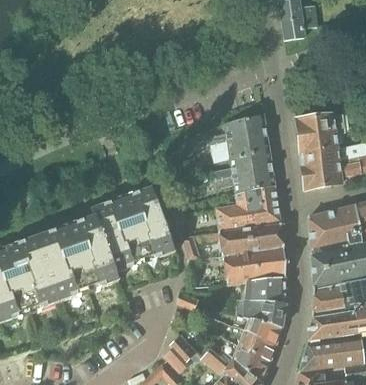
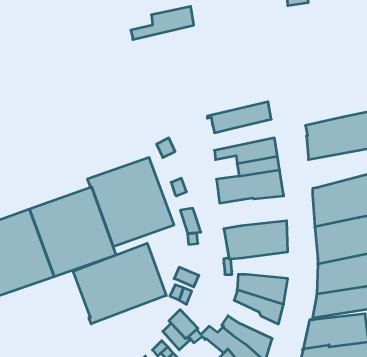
building: [297,113,346,155] -> none
building: [205,114,266,146] -> [131,6,194,40]
building: [213,149,272,179] -> none
building: [211,223,284,255] -> none
building: none -> [73,243,166,324]
building: [240,277,285,303] -> none
building: [227,324,276,361] -> none

